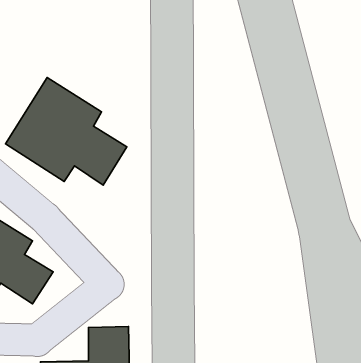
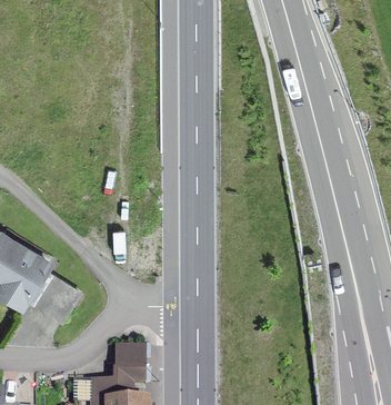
building: [6,78,127,185] -> none

